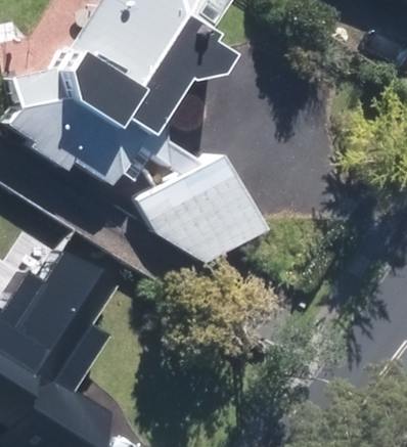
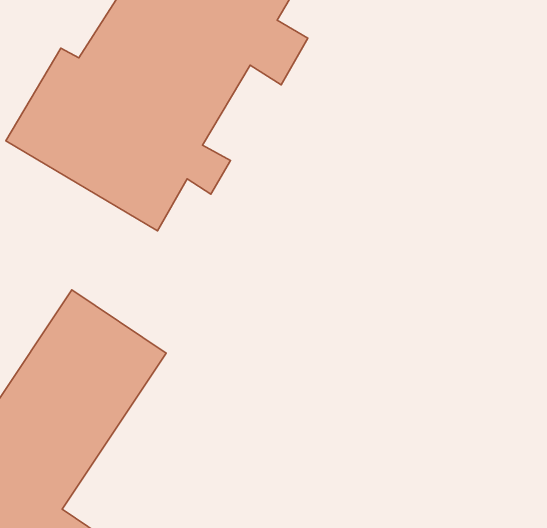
building: [133,152,256,259] -> none

